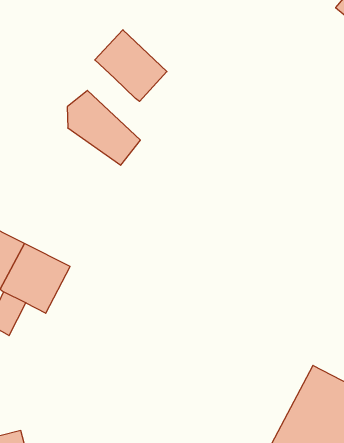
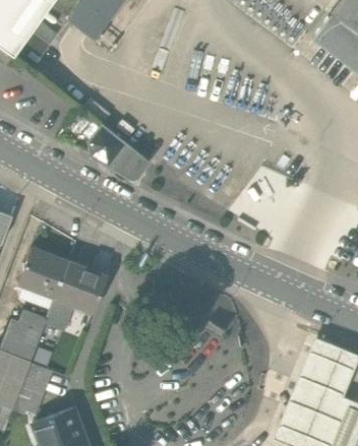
building: [95,30,167,101] -> none

